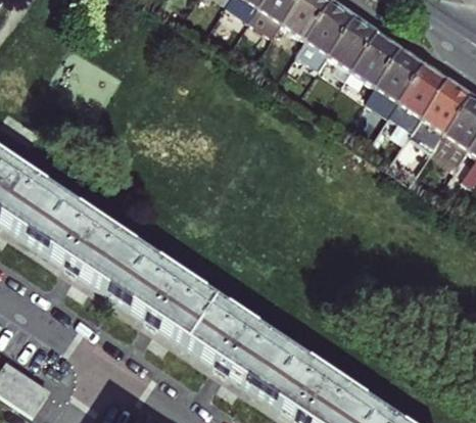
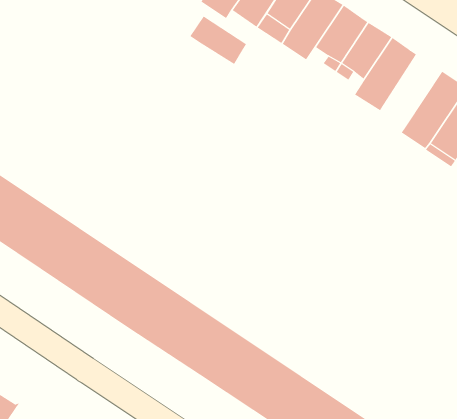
building: none -> [190,16,247,65]
building: [393,61,450,129] -> none

